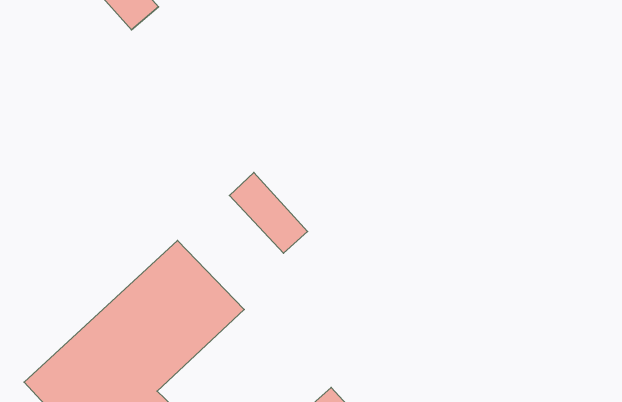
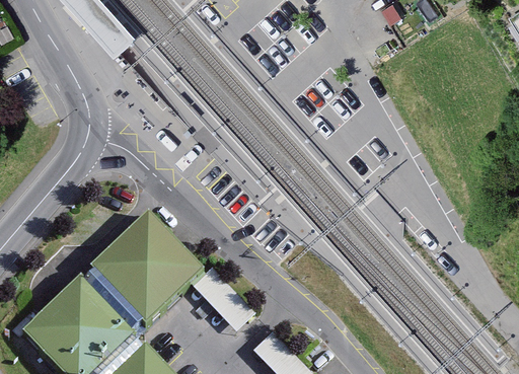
building: [230,173,308,253] -> [190,266,251,329]

